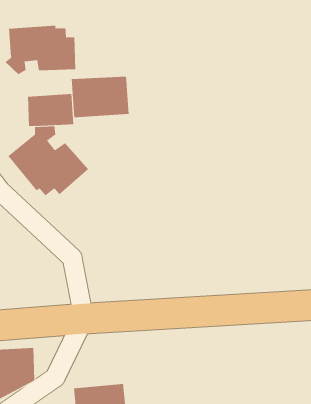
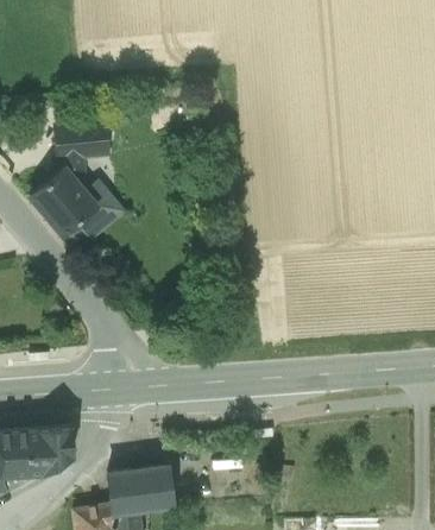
building: [5,25,76,75] -> none
building: [71,76,129,118] -> none

